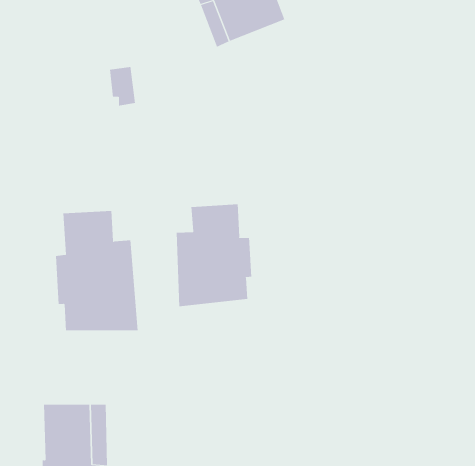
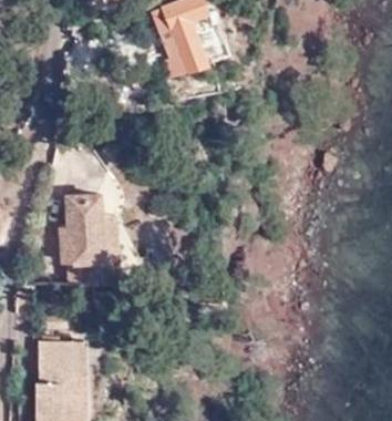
building: [176,203,252,307] -> none

